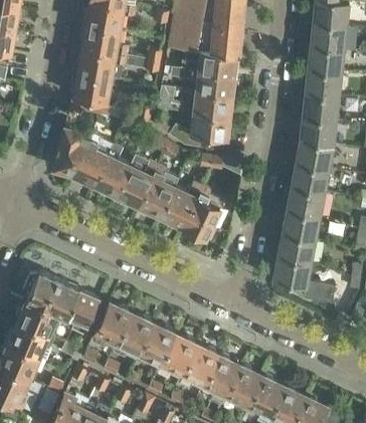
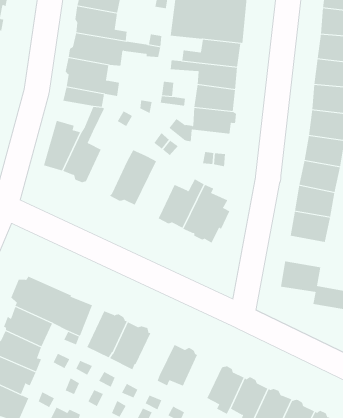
building: [93,143,130,197] -> none
building: [138,165,178,218] -> none
building: [277,234,315,263] -> none
building: [136,325,174,364] -> none
building: [179,345,218,385] -> none

